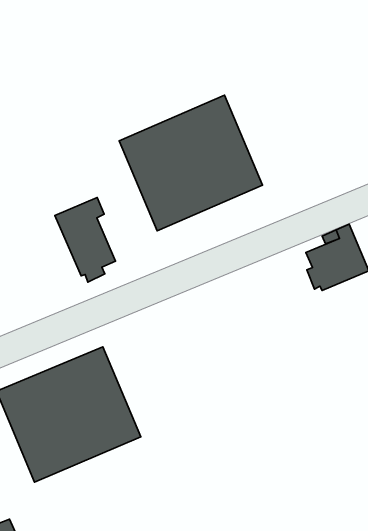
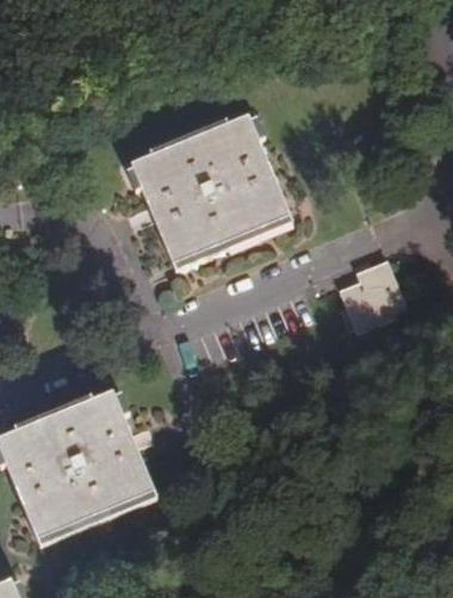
building: [55,197,116,282] -> none

